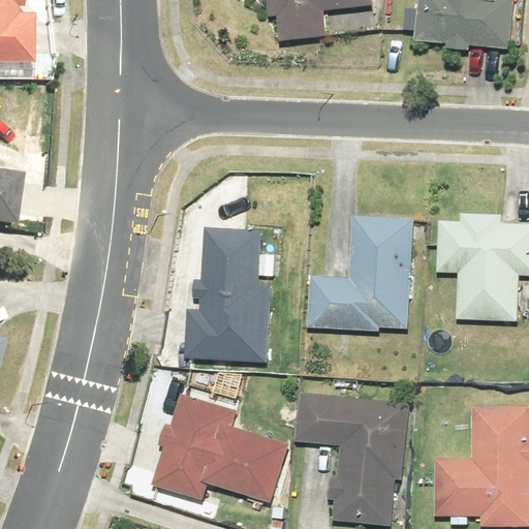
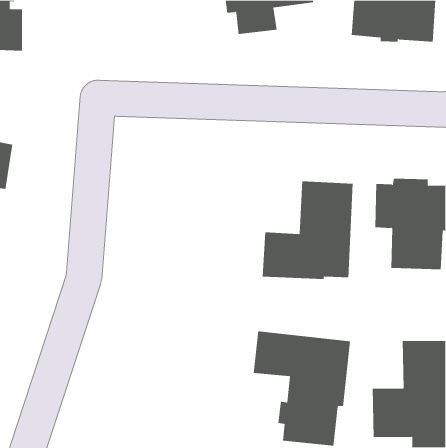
building: [188,228,271,362] -> none
building: [150,391,289,502] -> none

